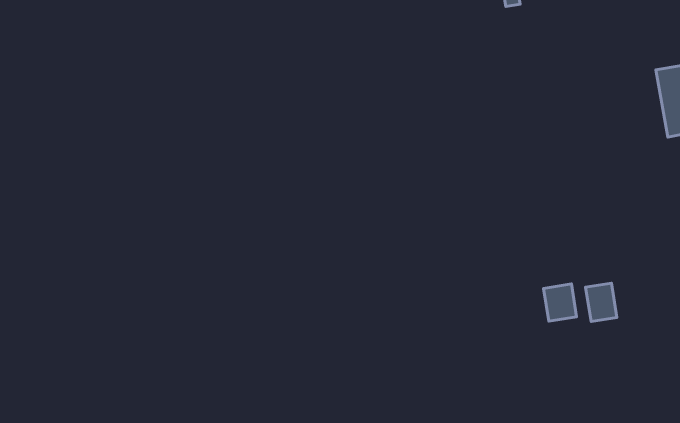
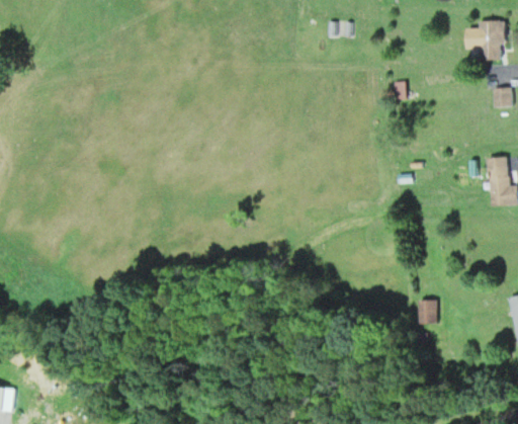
building: [544,284,577,321] -> none

